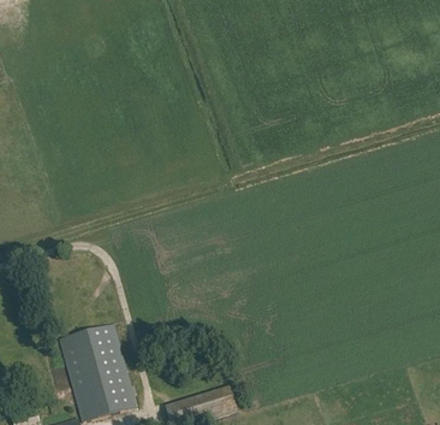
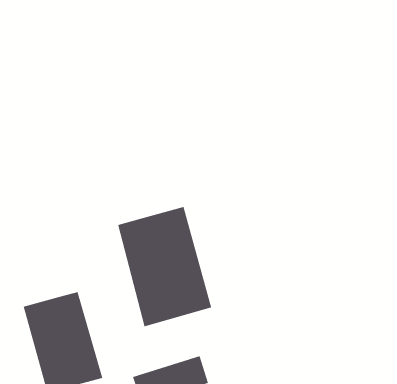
building: none -> [118,206,212,327]

